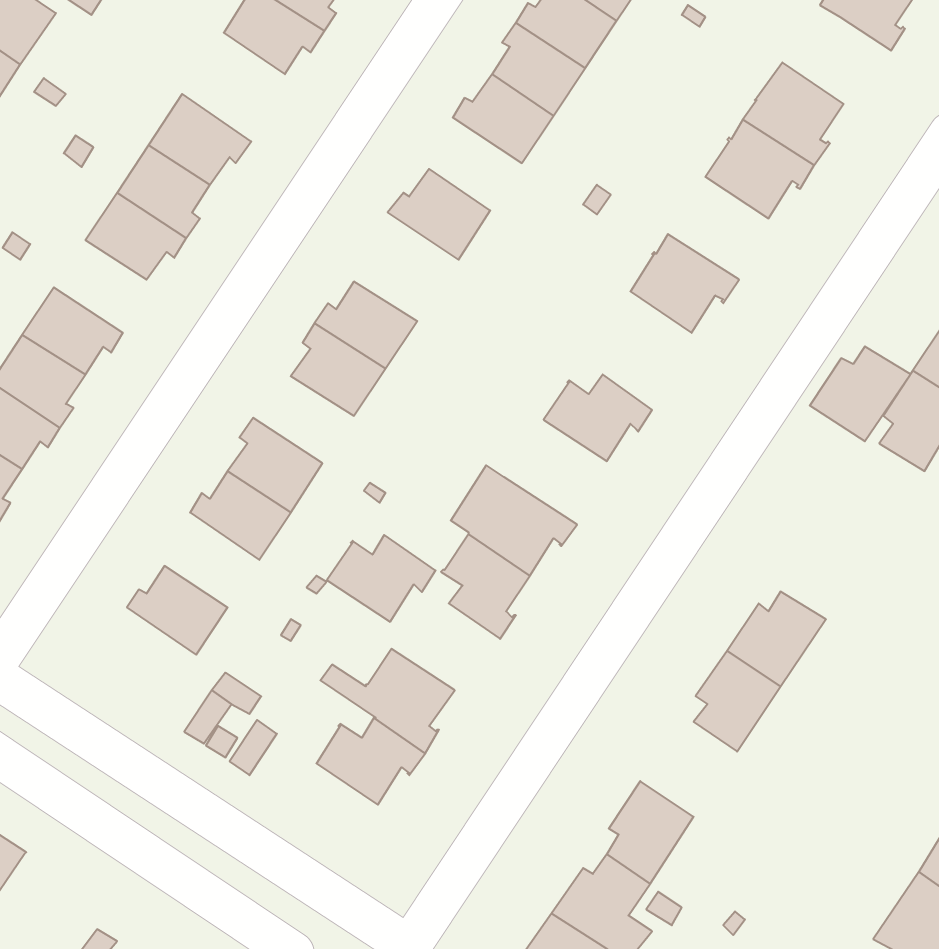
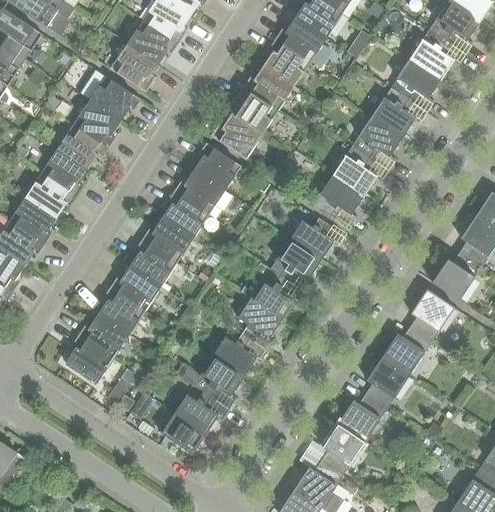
building: none -> [409,36,464,80]
building: none -> [109,44,157,92]
building: none -> [230,87,277,134]
building: none -> [351,117,402,169]
building: none -> [192,142,240,190]
building: none -> [40,149,87,196]
building: none -> [318,175,363,227]
building: [810,346,910,441] -> [430,252,481,300]
building: none -> [141,218,192,262]
building: none -> [268,240,320,293]
building: none -> [96,287,144,335]
building: none -> [408,289,453,341]
building: [327,535,436,622] -> [211,333,266,377]
building: none -> [64,335,112,383]
building: none -> [337,393,386,441]
building: none -> [159,414,204,454]

